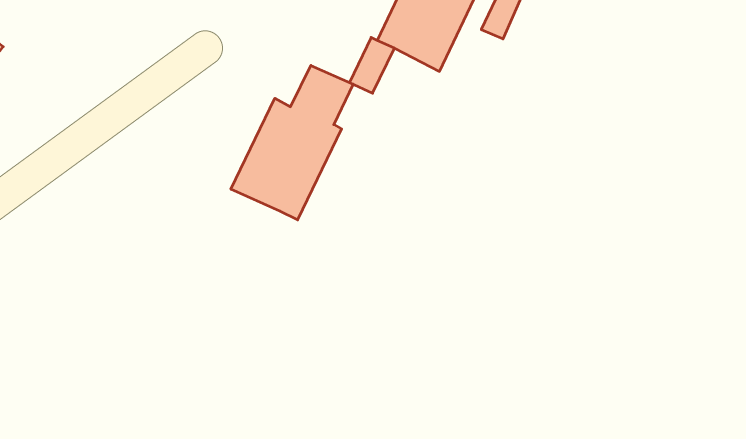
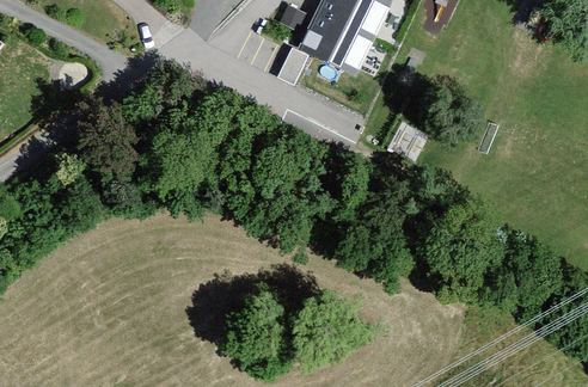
building: [231,65,353,220] -> none

